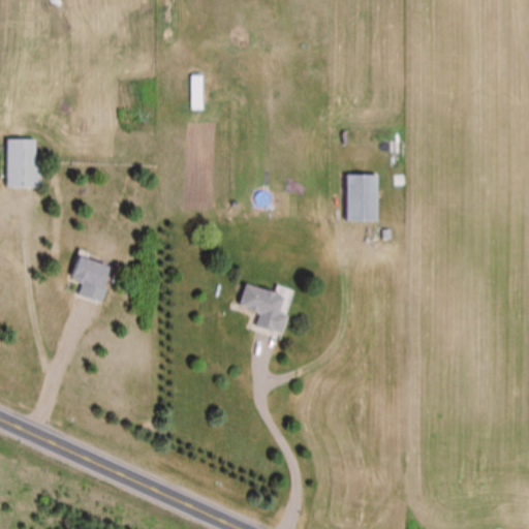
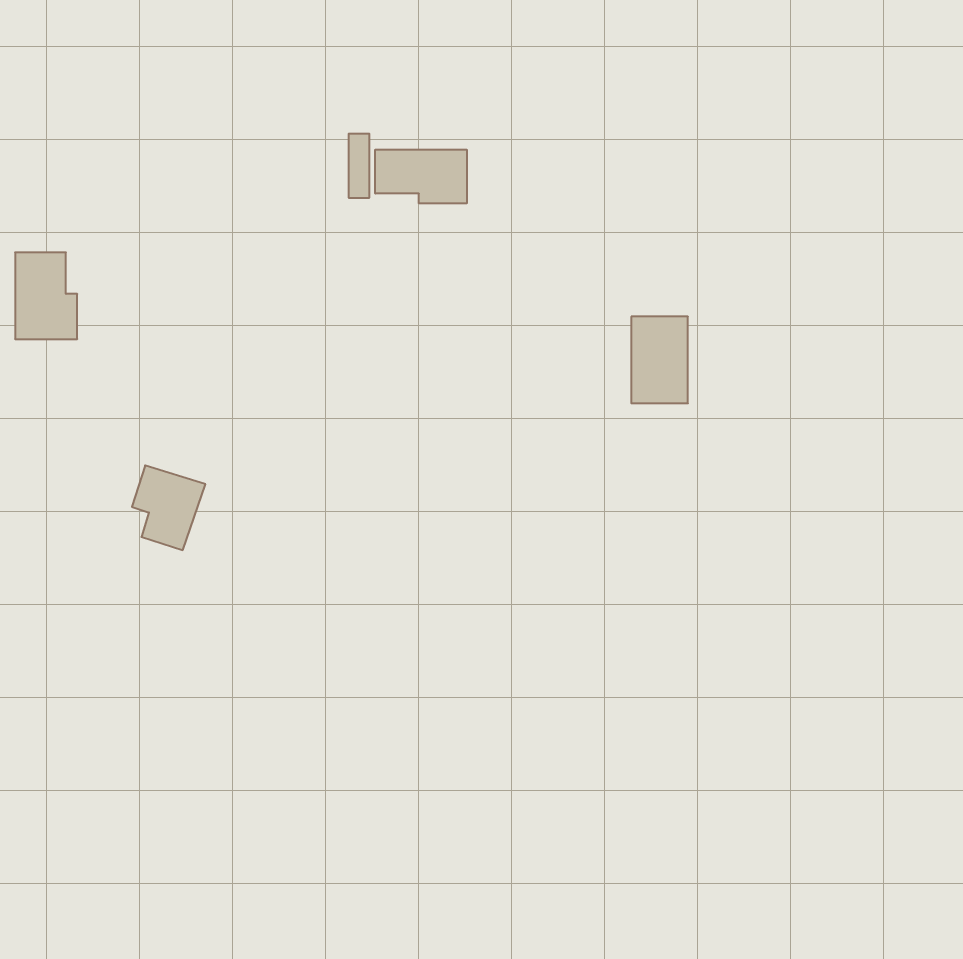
building: none -> [375,150,467,203]
building: [240,283,288,333] -> none

